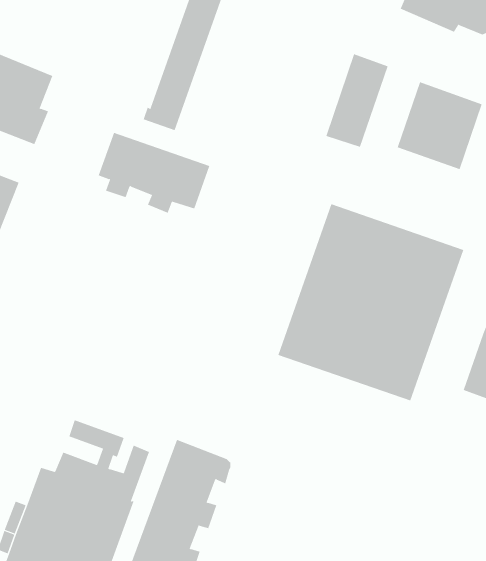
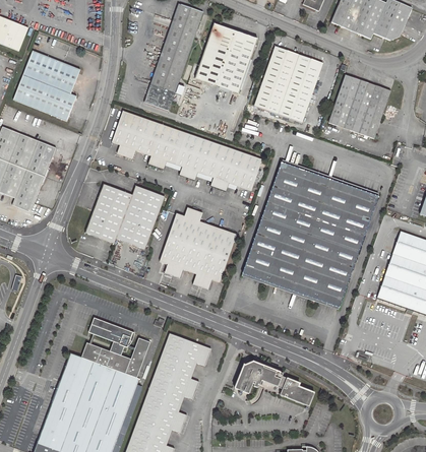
building: none -> [194,23,257,92]
building: none -> [253,47,297,114]
building: none -> [179,135,261,191]
building: none -> [84,184,165,248]
building: none -> [159,207,236,287]
building: none -> [235,361,315,405]

